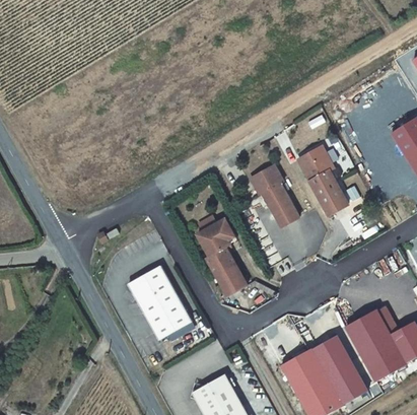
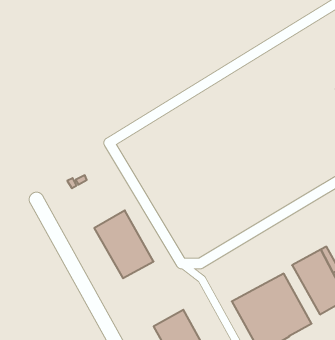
building: [299,147,349,216] -> none
building: [255,165,299,226] -> none
building: [199,219,248,294] -> none

